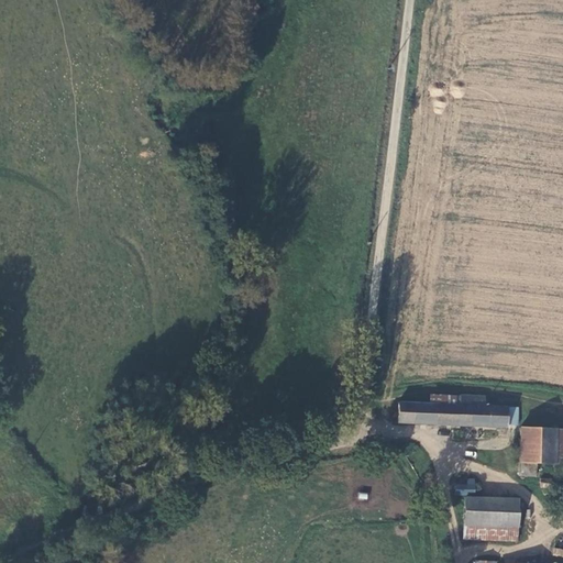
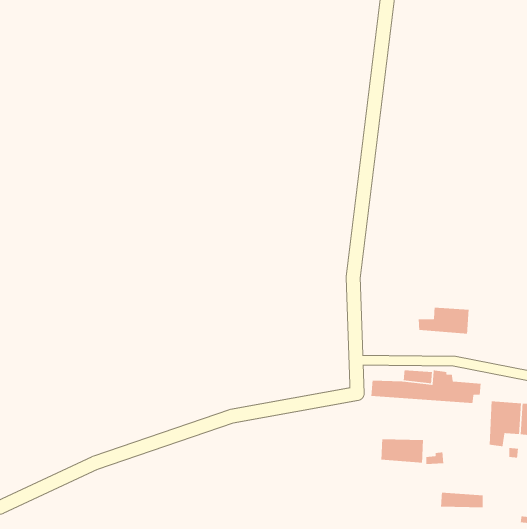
building: none -> [418,307,470,334]
building: [471,499,517,526] -> [380,439,424,463]

